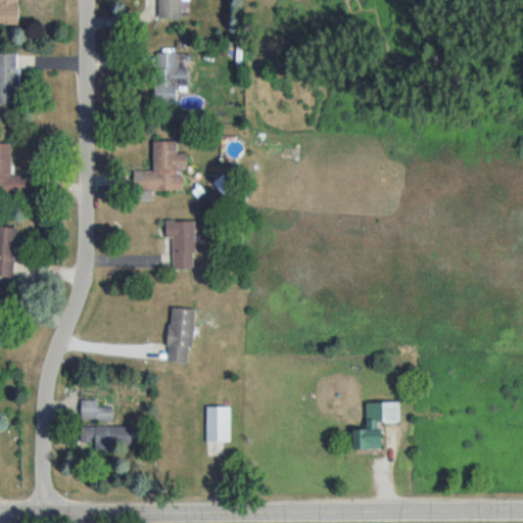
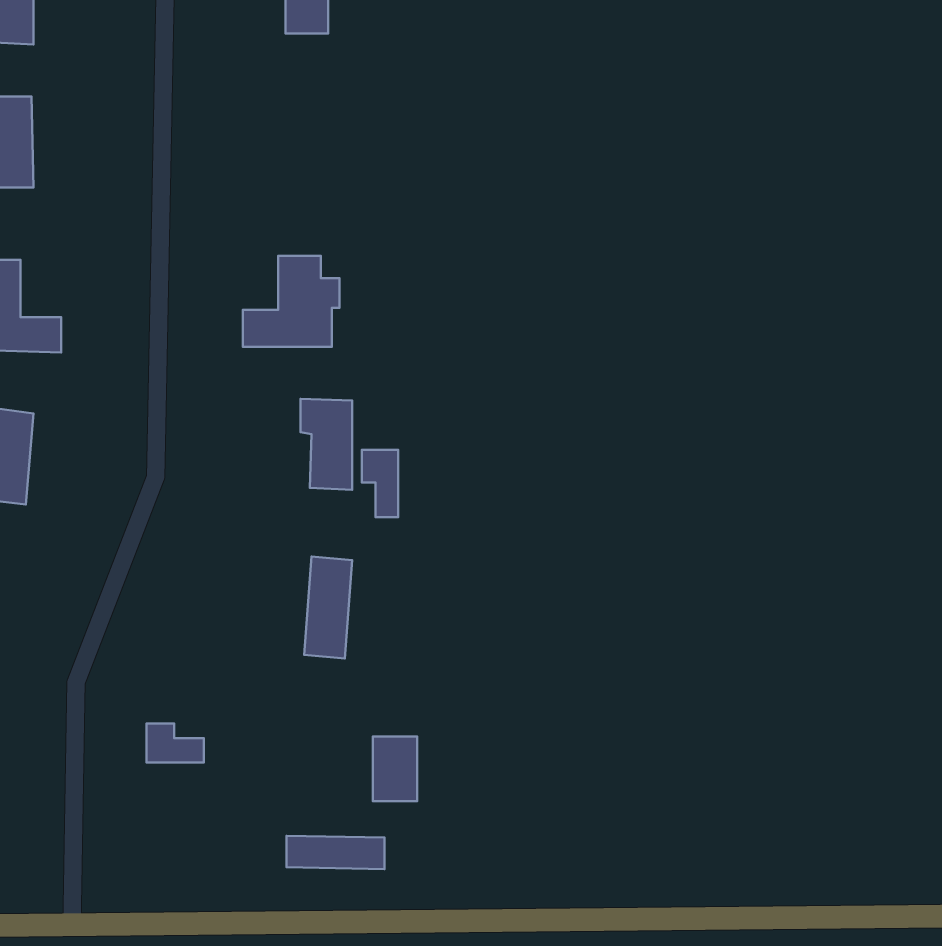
building: [155,53,188,104] -> none
building: none -> [362,450,398,517]
building: [354,402,398,448] -> none
building: [81,426,135,444] -> [286,836,385,869]

